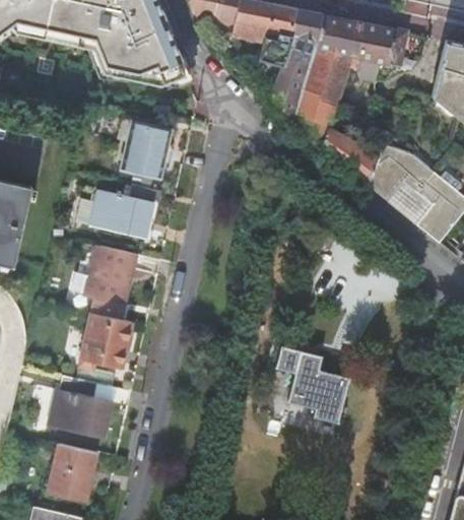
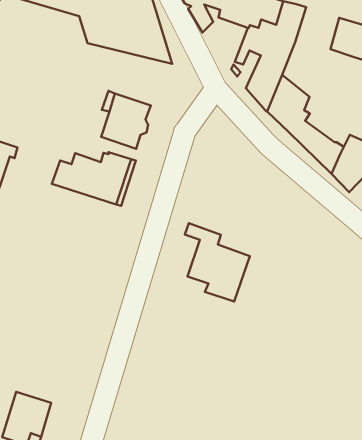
building: [306,13,380,107] -> none
building: [87,245,136,303] -> none
building: [82,313,132,370] -> none
building: [279,345,349,422] -> [185,223,250,301]
building: [48,375,114,439] -> none

